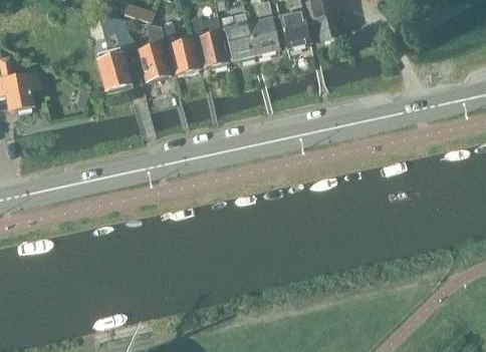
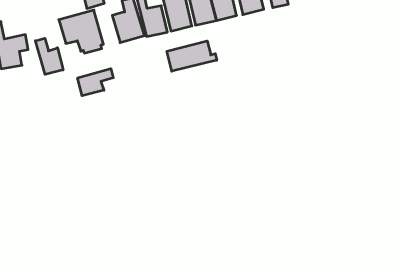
building: none -> [35,38,63,74]
building: none -> [167,41,217,71]
building: none -> [78,69,113,96]

